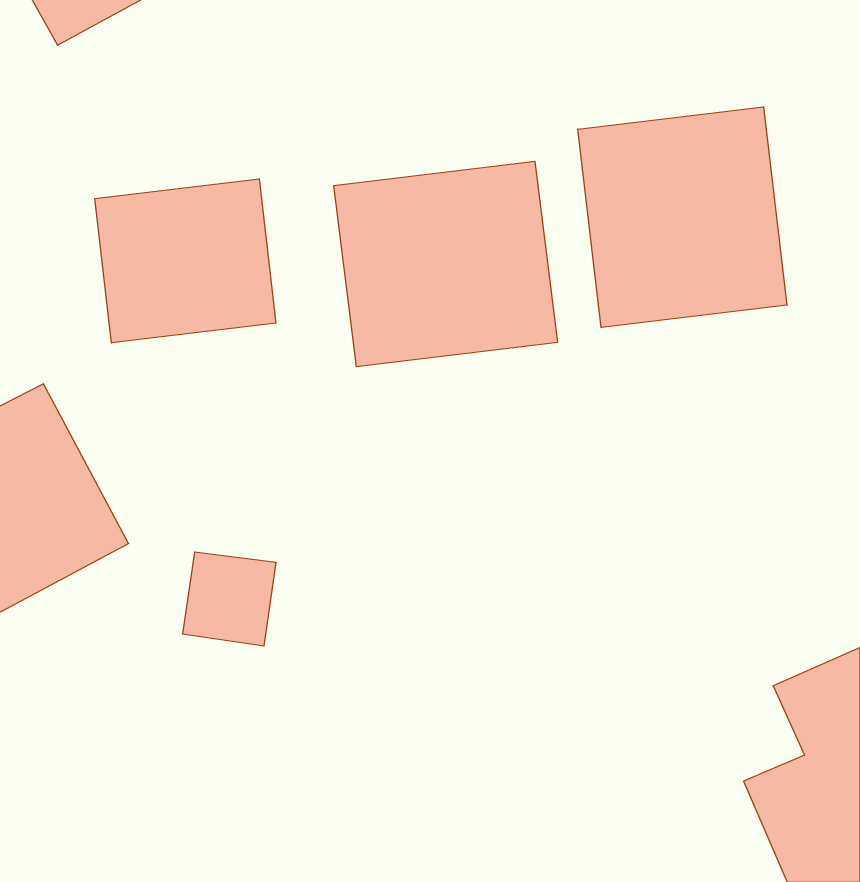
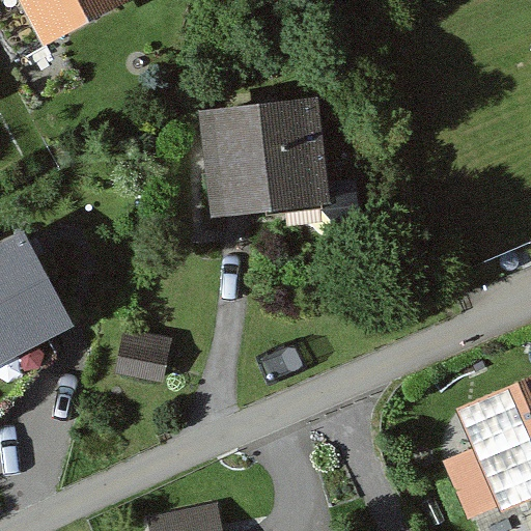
building: [578,107,787,328] -> none
building: [95,179,276,343] -> none

